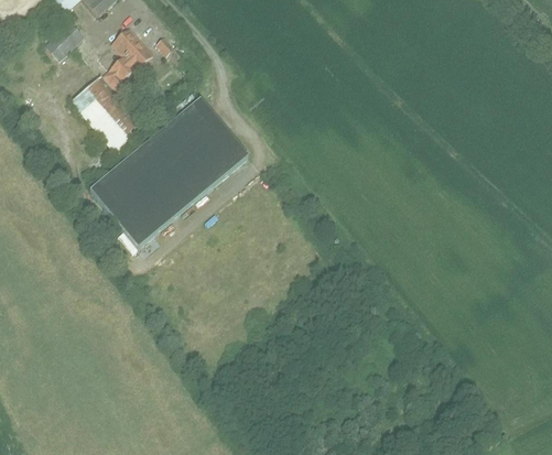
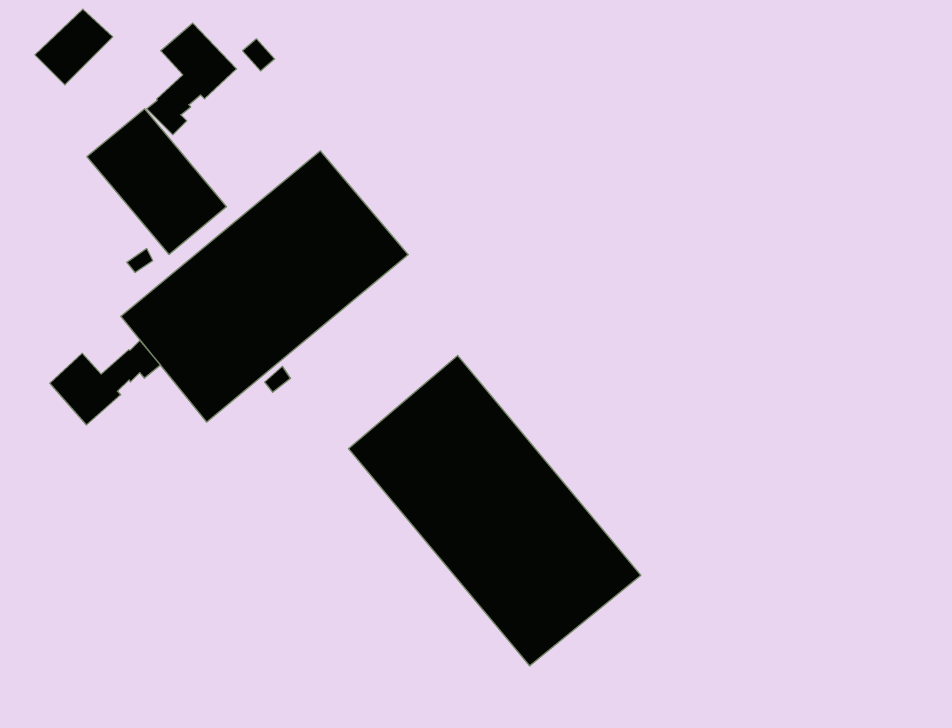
building: none -> [50,340,160,425]
building: none -> [349,355,641,666]

